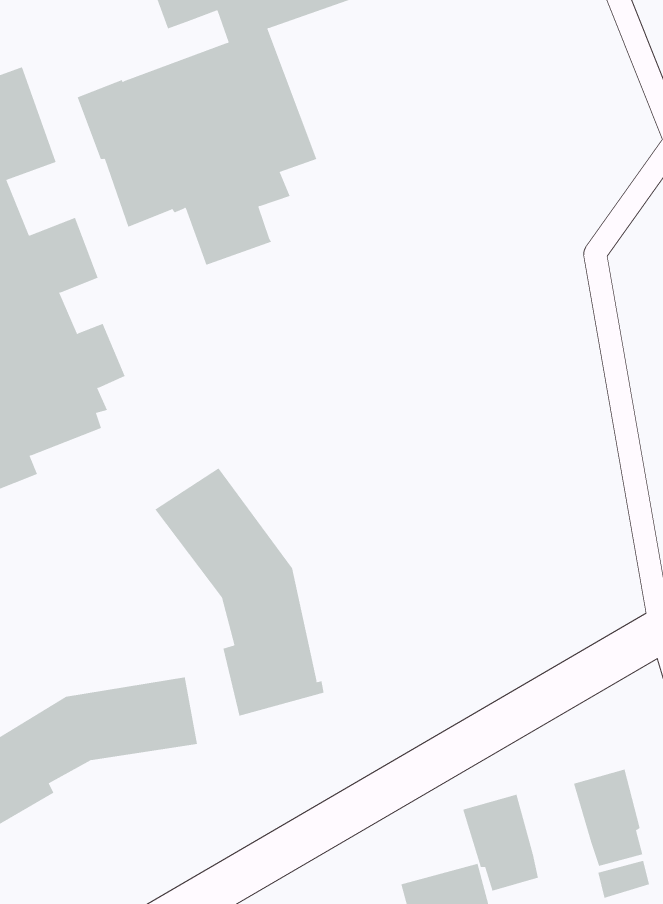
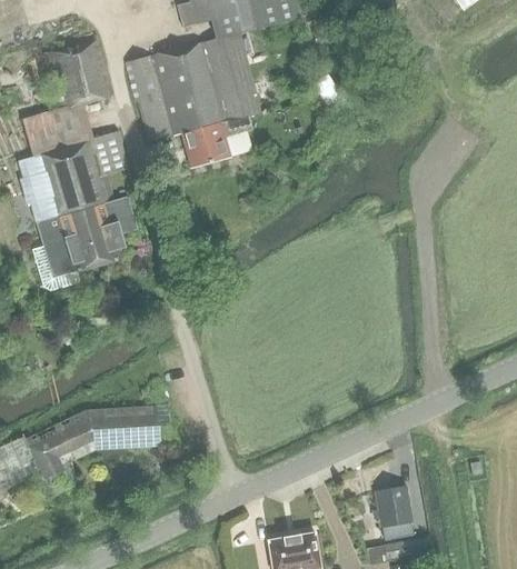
building: [155,468,324,717] -> none
building: [462,794,539,892] -> none

